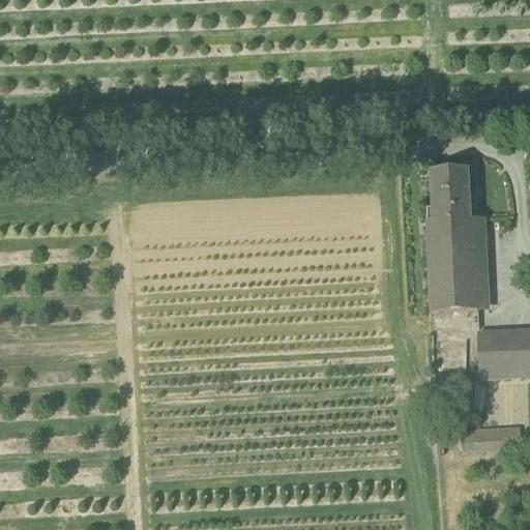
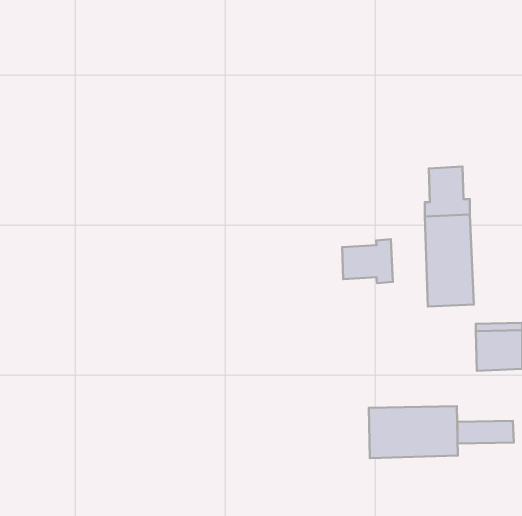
building: none -> [342,239,393,283]
building: none -> [369,406,458,458]

